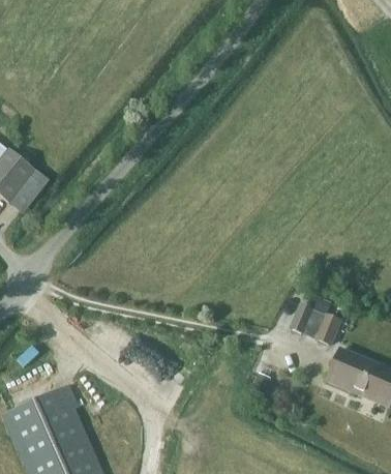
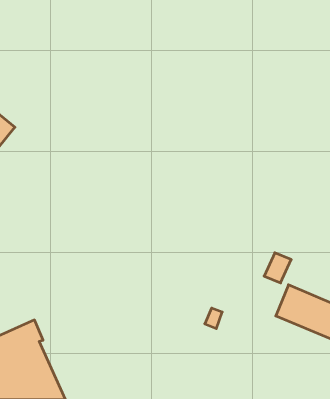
building: [288,301,324,337] -> none

